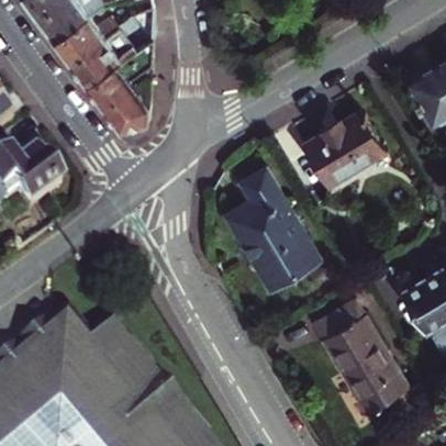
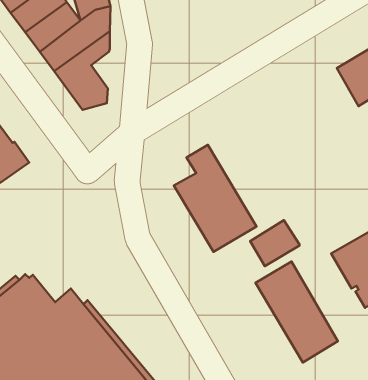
building: [304,111,382,185] -> none
building: none -> [250,220,300,266]

